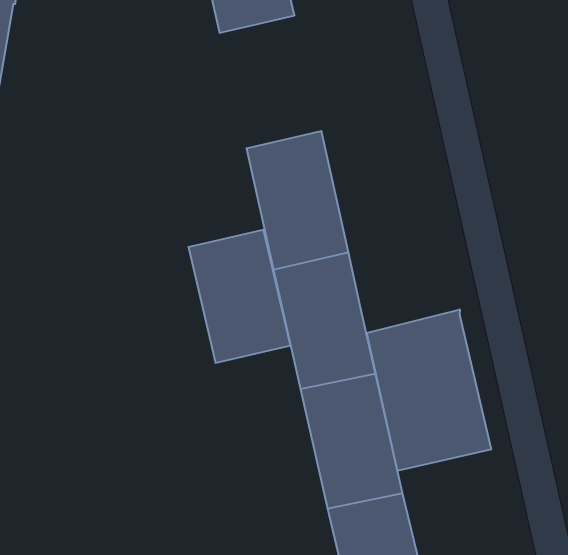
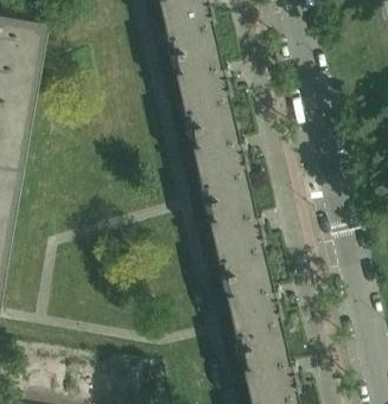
building: [188,230,291,363] -> [170,39,233,121]
building: [367,309,491,471] -> none

